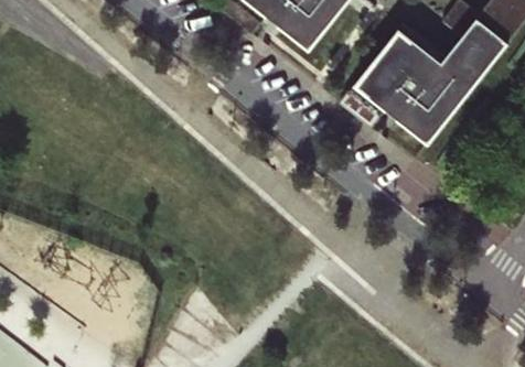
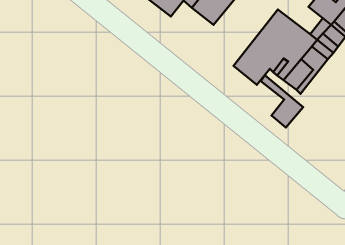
building: none -> [261,75,303,128]

